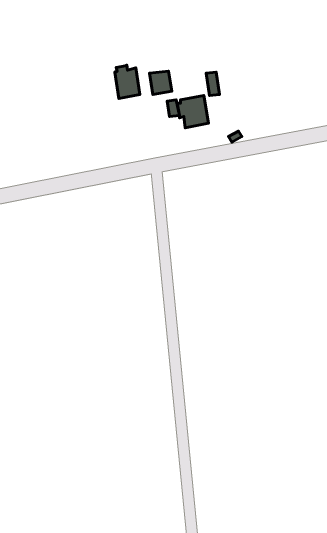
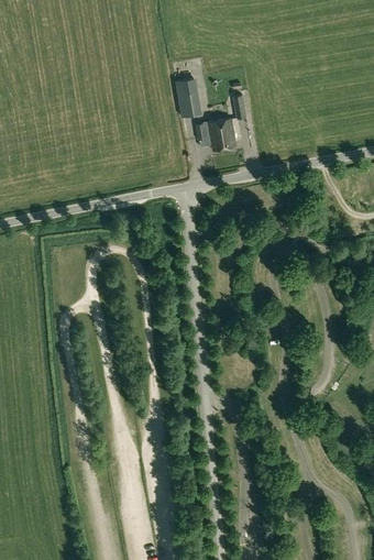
building: [115,65,140,99] -> none

